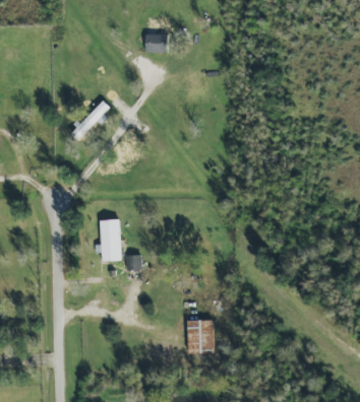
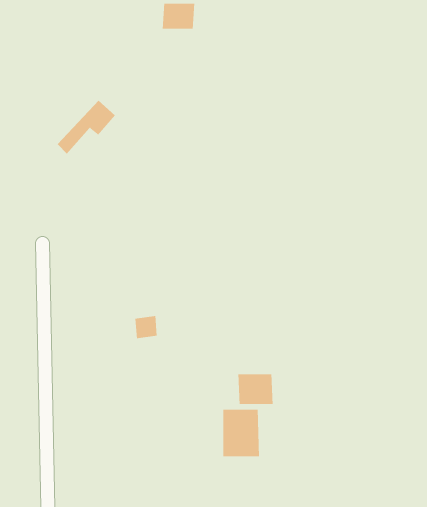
building: [100,218,121,261] -> none
building: none -> [238,373,273,405]

